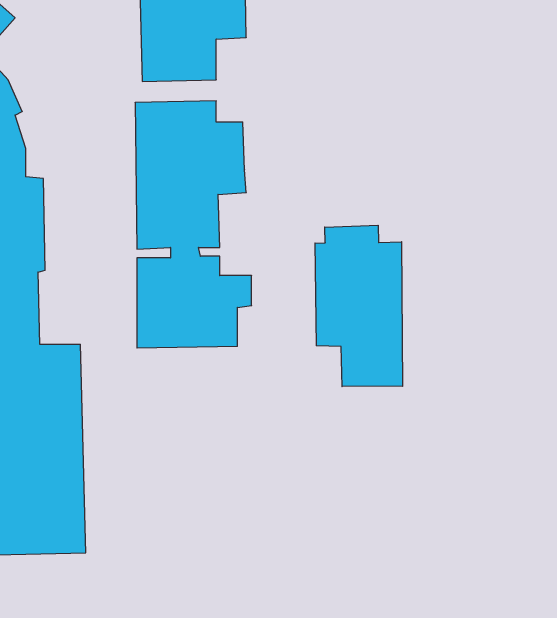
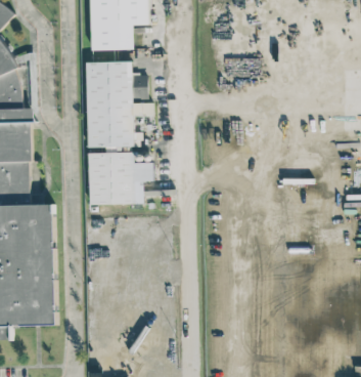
building: [315,225,403,387] -> none

